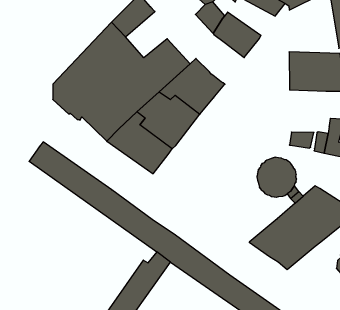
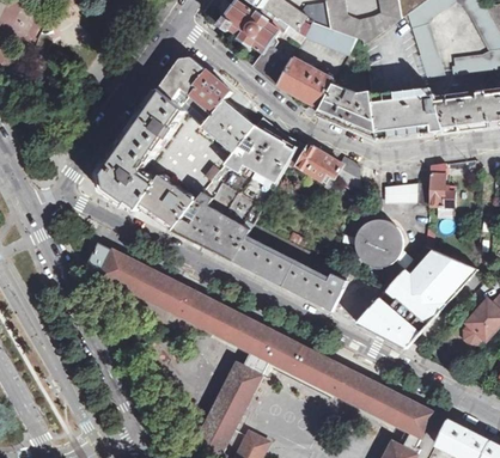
building: none -> [176,69,231,126]
building: none -> [316,83,377,138]
building: none -> [291,142,359,187]
building: none -> [232,234,346,310]

